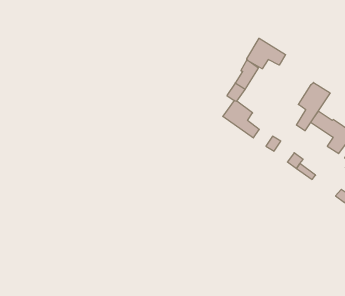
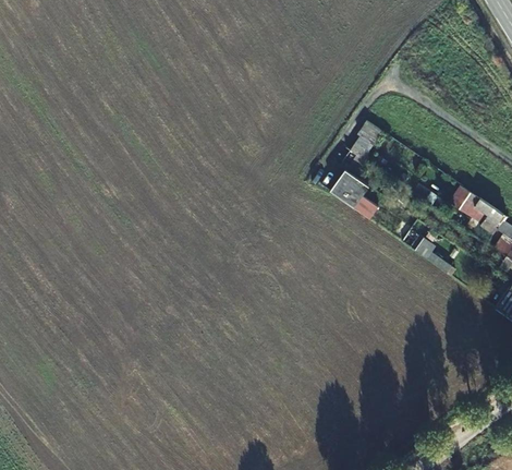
building: [247,38,286,69] -> none
building: [296,82,330,131] -> none

